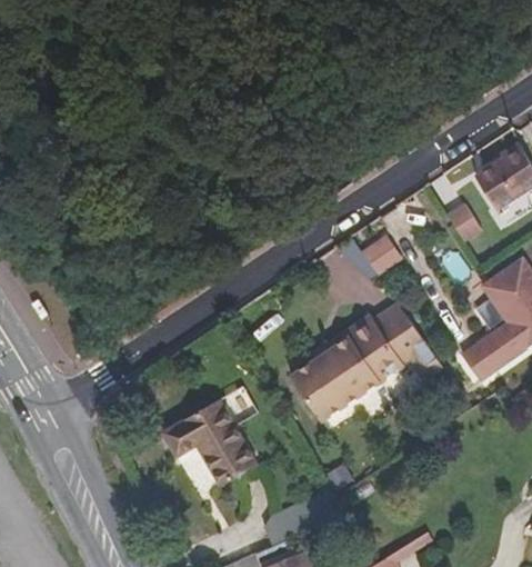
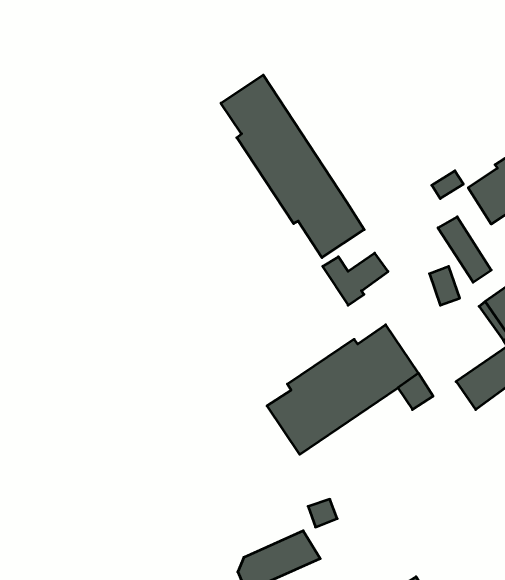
building: none -> [221,75,364,258]
building: [163,387,257,485] -> none

